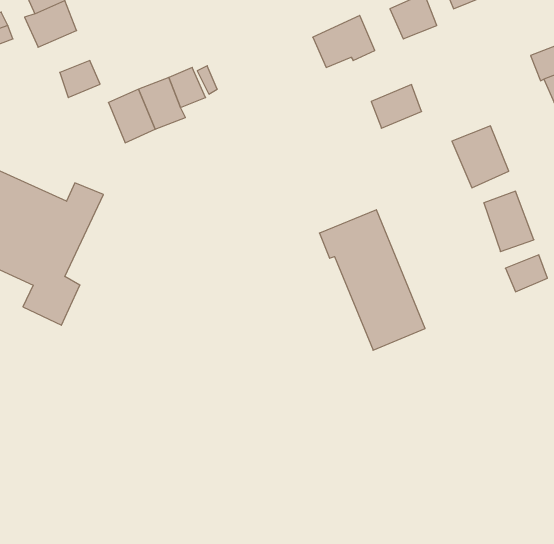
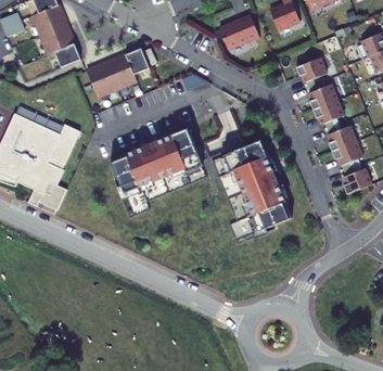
building: none -> [40,23,74,53]
building: [371,85,422,128] -> [297,57,330,86]
building: none -> [110,126,203,192]

